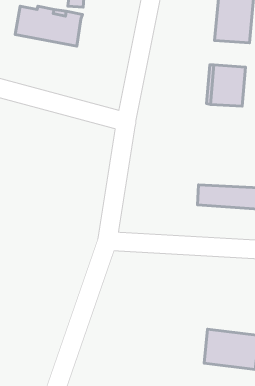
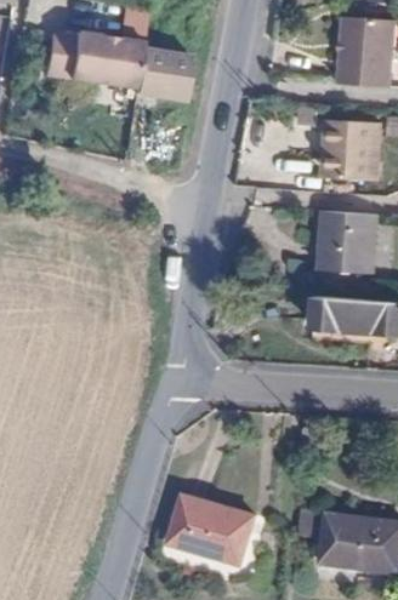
building: none -> [129,50,187,104]
building: none -> [318,210,375,273]
building: none -> [167,495,254,564]

